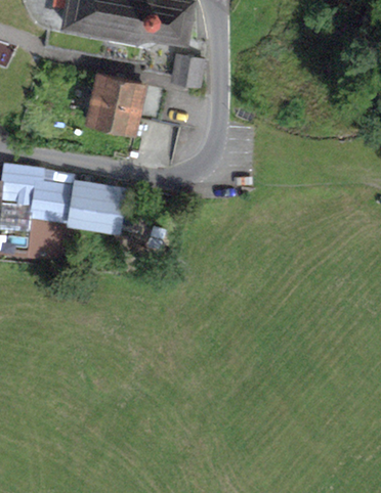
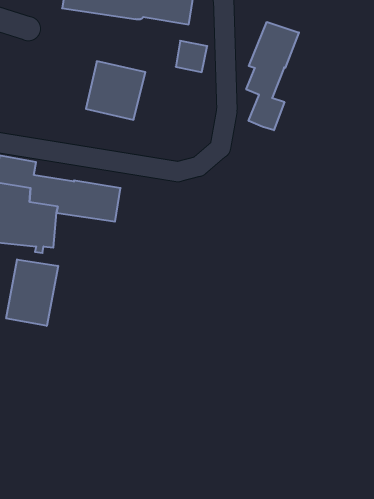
building: none -> [246,22,299,130]
building: none -> [6,259,58,326]

